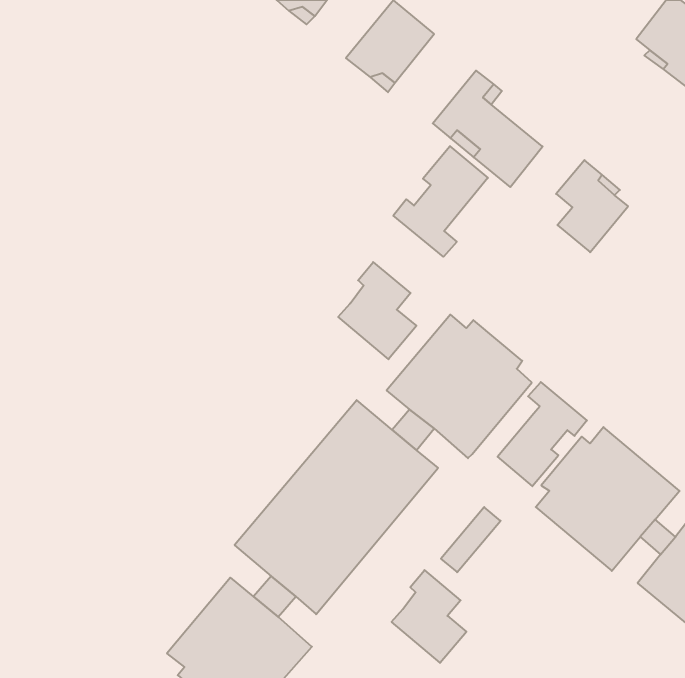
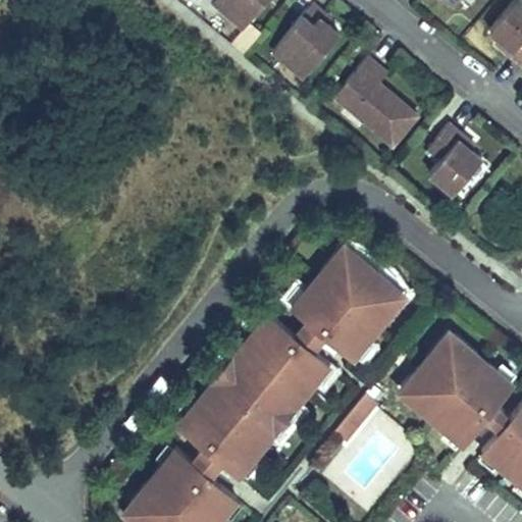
building: [393,146,488,257] -> none
building: [338,262,416,359] -> none
building: [498,382,587,486] -> none
building: [392,570,466,663] -> none

